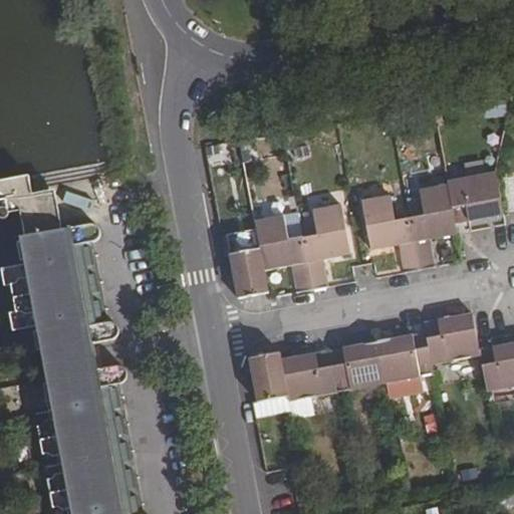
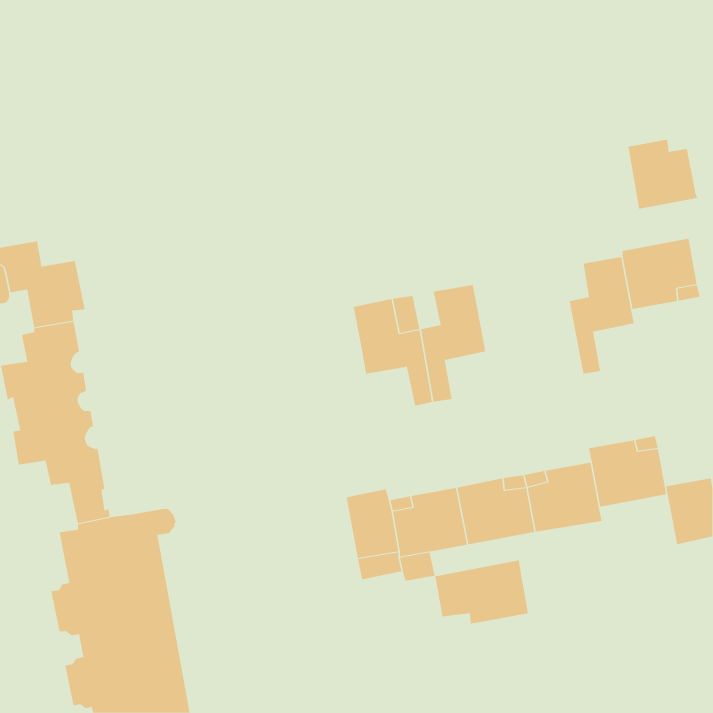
building: none -> [628,139,698,209]
building: [359,194,418,271] -> none
building: [51,222,117,370] -> none
building: [228,247,267,297] -> none
building: none -> [435,559,528,624]

